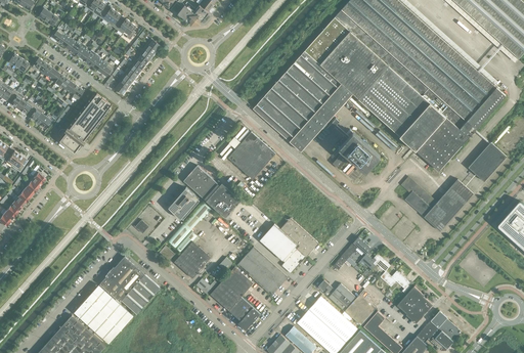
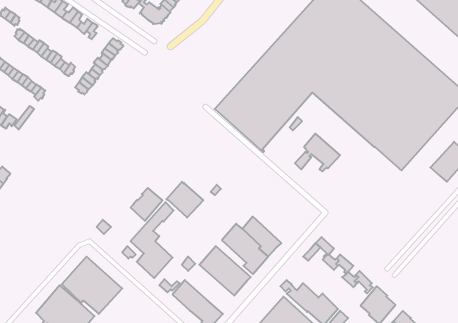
building: [58,94,111,152] -> none
building: [227,132,275,180] -> none
building: [183,166,219,200] -> none
building: [400,177,473,231] -> none
building: [222,267,253,297] -> none

